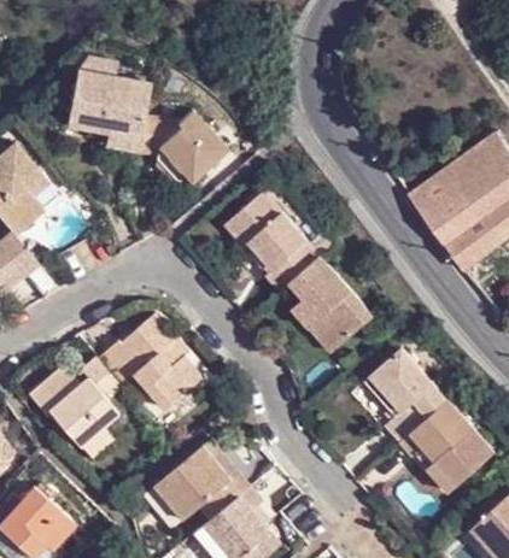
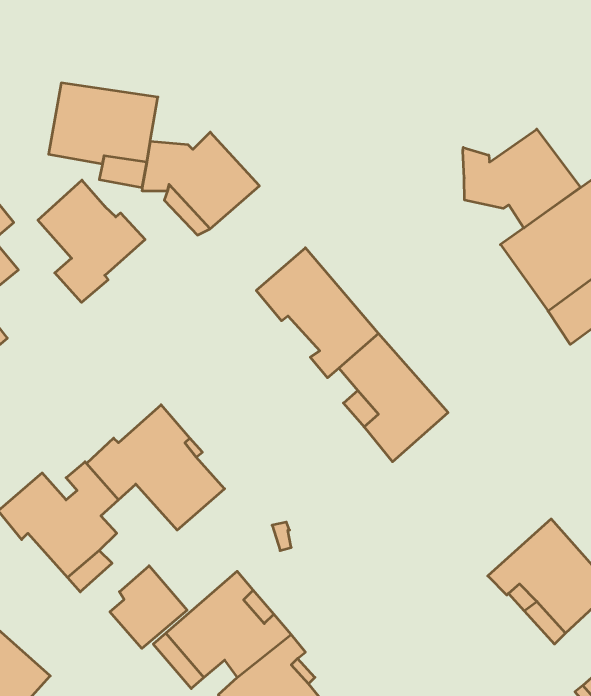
building: none -> [463,129,580,228]
building: none -> [38,180,145,302]
building: [364,348,449,444] -> none
building: none -> [110,566,187,648]

